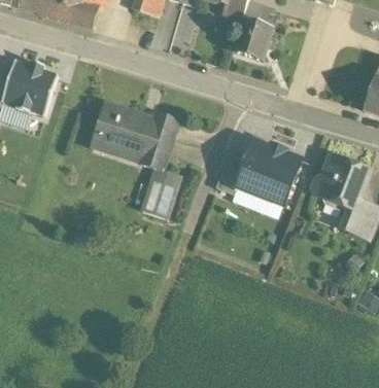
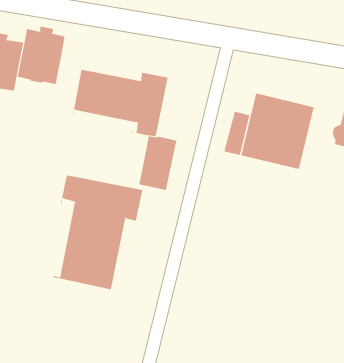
building: none -> [17,26,65,85]
building: none -> [52,174,143,290]

